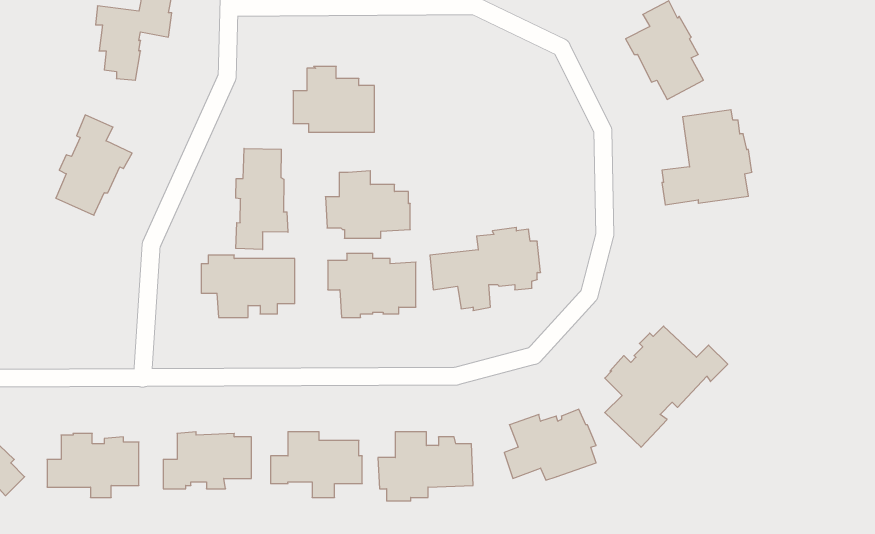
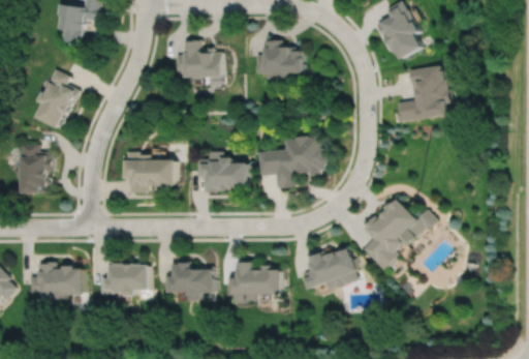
building: [236,148,288,250] -> none
building: [325,171,410,238] -> [257,40,308,81]
building: none -> [14,146,53,192]

